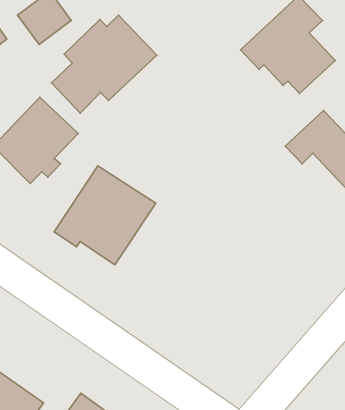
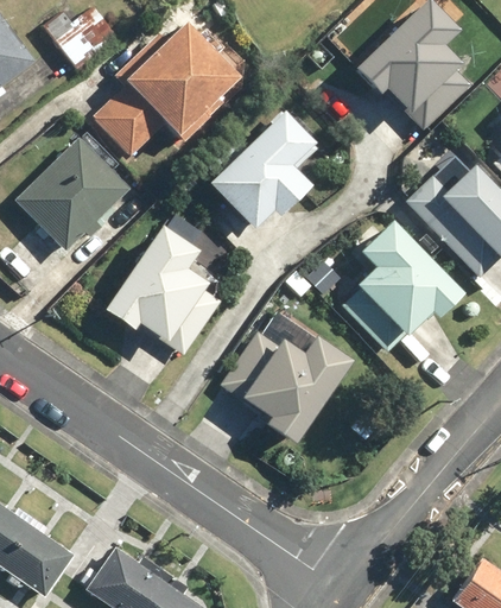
building: none -> [205,112,325,233]
building: none -> [349,222,461,341]
building: none -> [227,331,349,448]

